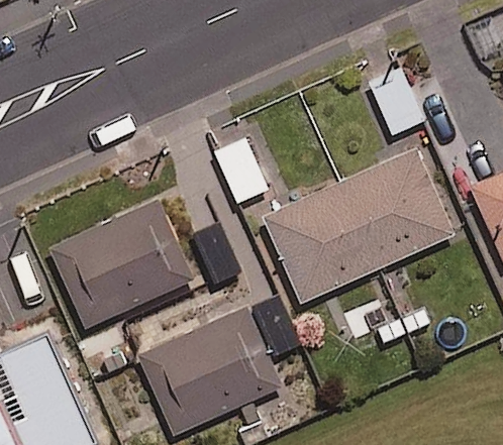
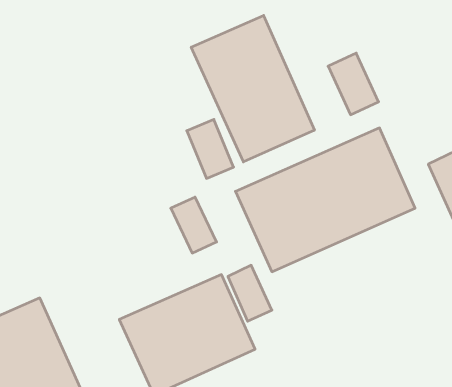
building: none -> [191,15,314,162]
building: [47,200,192,329] -> none

